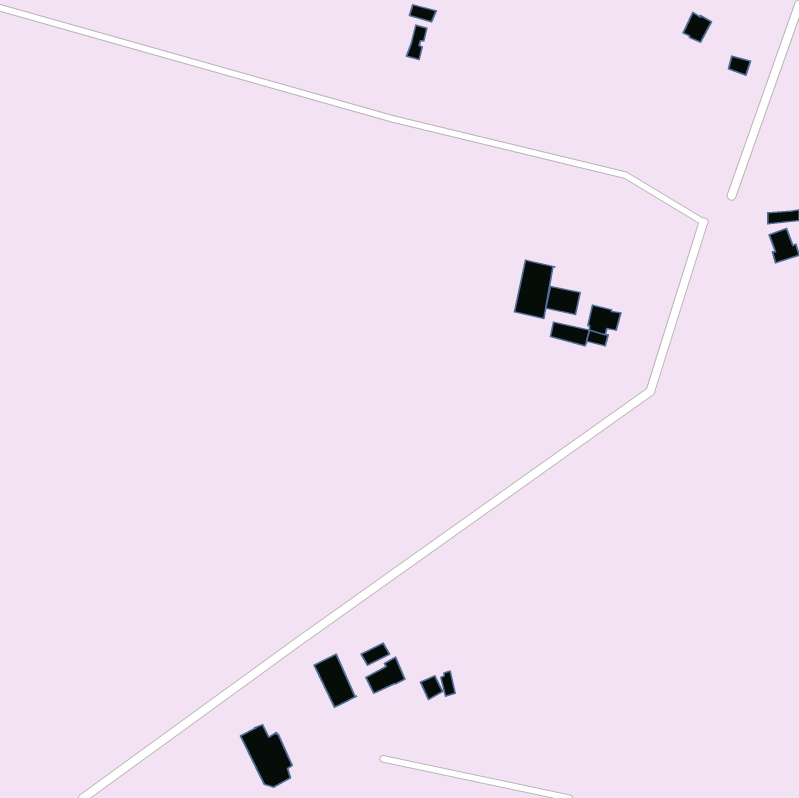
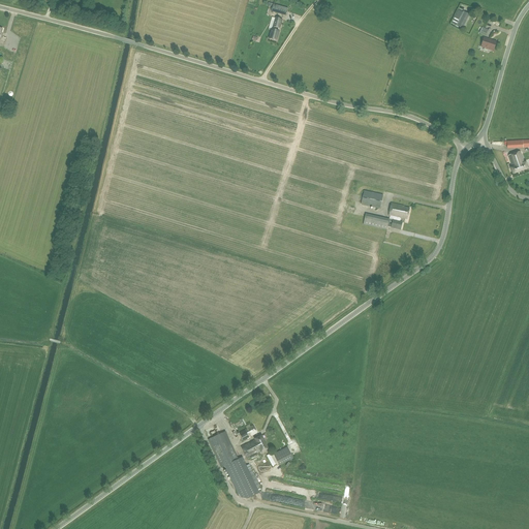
building: [515,260,555,319] -> none
building: [241,725,292,787] -> [225,458,259,499]

